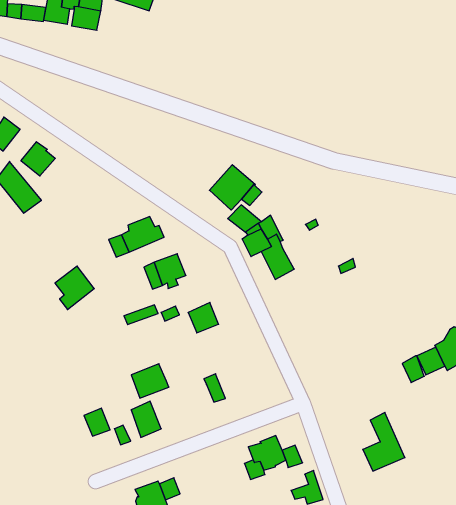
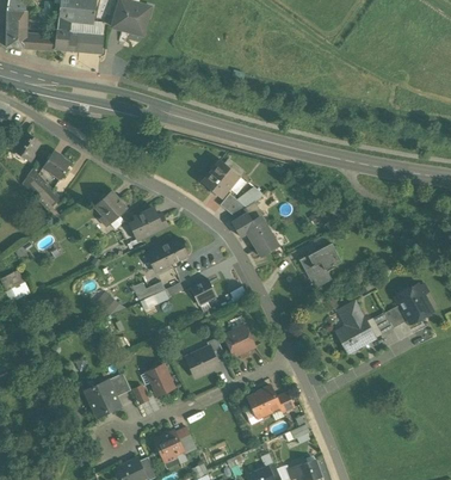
building: [55,266,94,310] -> [93,191,126,228]
building: none -> [299,244,340,287]
building: none -> [224,326,254,357]
building: [131,364,169,398] -> [186,347,218,377]
building: [363,412,405,471] -> [338,302,373,352]
building: none -> [84,380,119,417]

